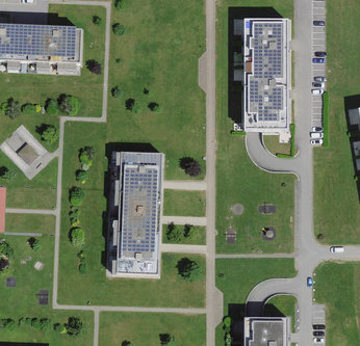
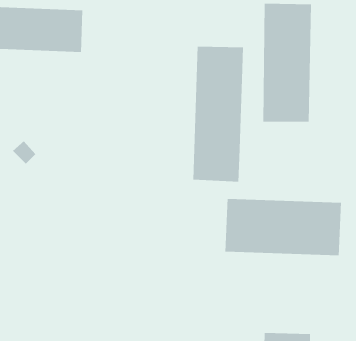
building: [114,150,161,273] -> [192,46,244,182]
building: none -> [225,198,342,256]

